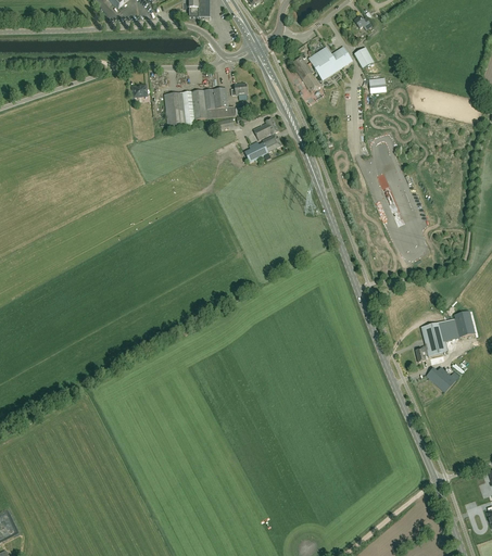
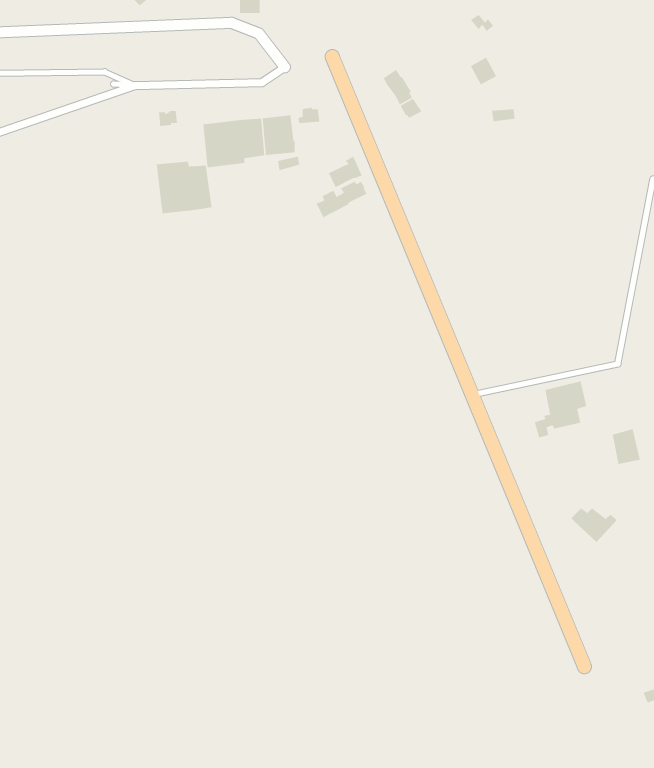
building: [307,47,351,79] -> none
building: none -> [156,161,212,214]
building: [415,320,453,362] -> [534,380,587,439]

